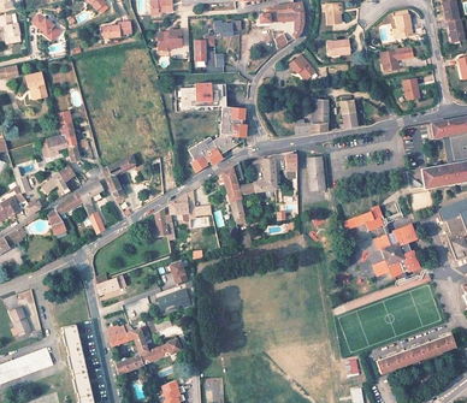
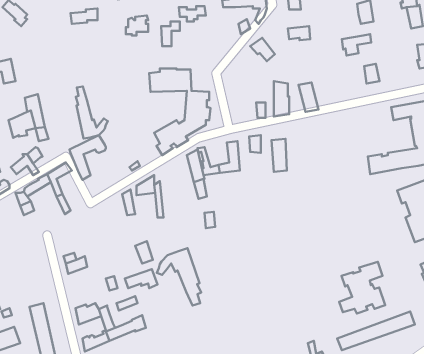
building: none -> [76,87,108,139]
building: [344,206,388,232] -> none
building: [371,225,418,278] -> [339,262,385,313]
building: none -> [157,248,201,305]

